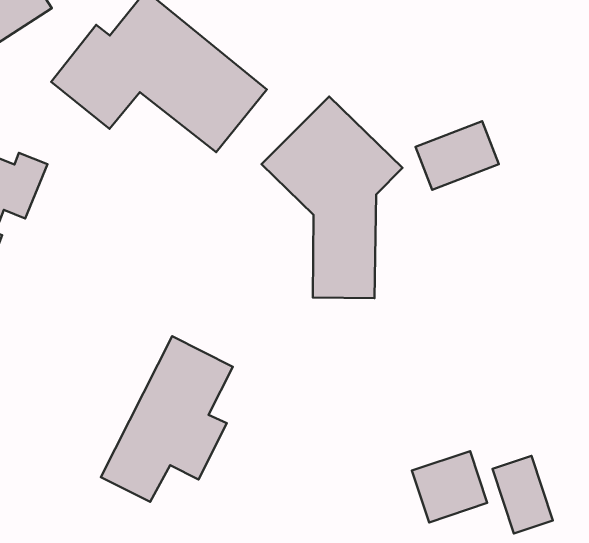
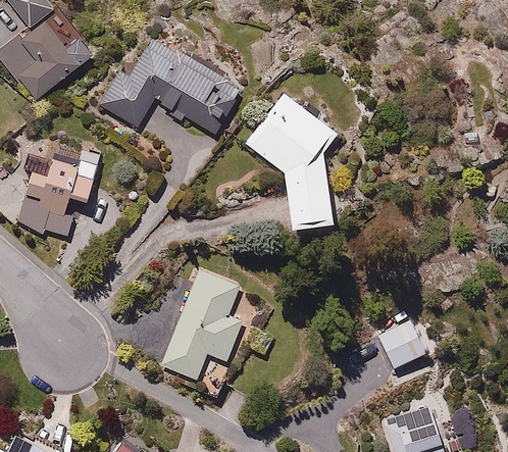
building: [416,121,499,190] -> none
building: [492,456,553,534] -> none

